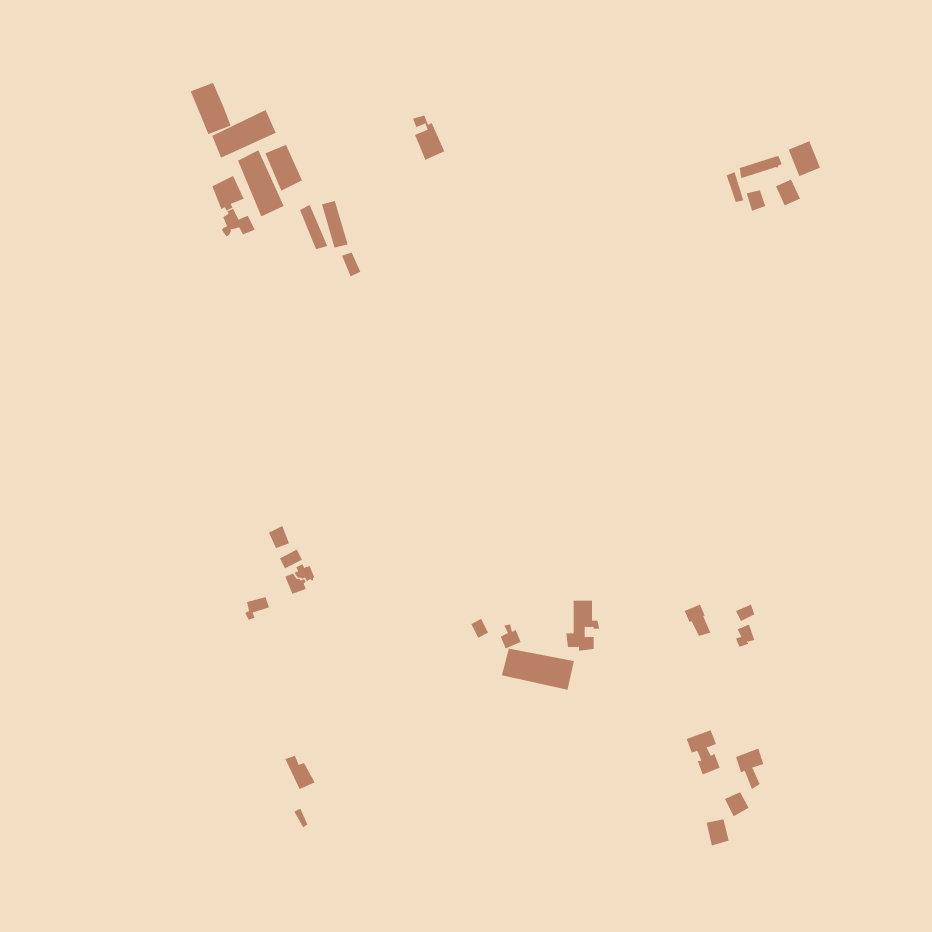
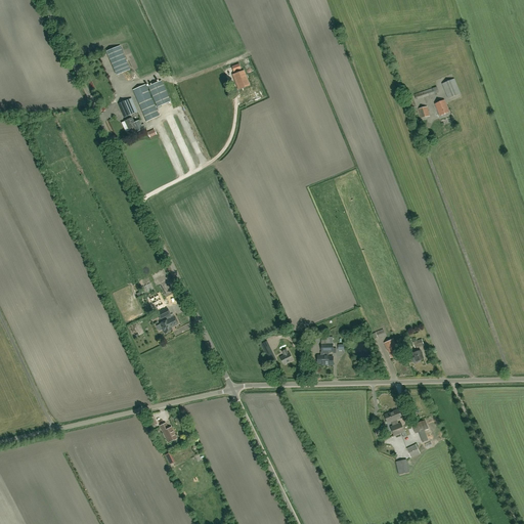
building: [212,109,277,158] -> none
building: [501,648,575,691] -> none

